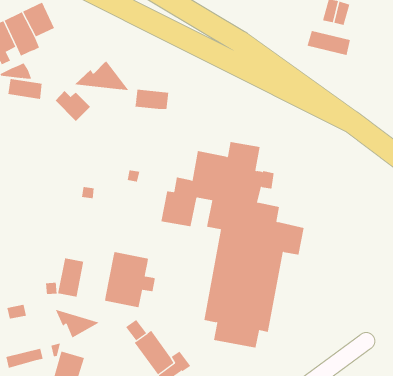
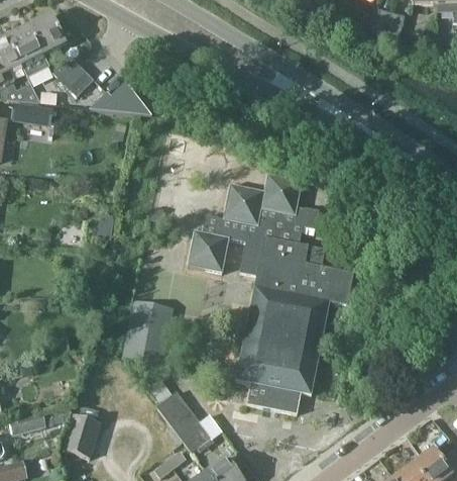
building: [307,30,351,56] -> none
building: [135,89,169,110] -> none
building: [55,90,91,122] -> [52,61,94,97]
building: [57,258,84,298] -> none
building: [55,309,100,338] -> none

